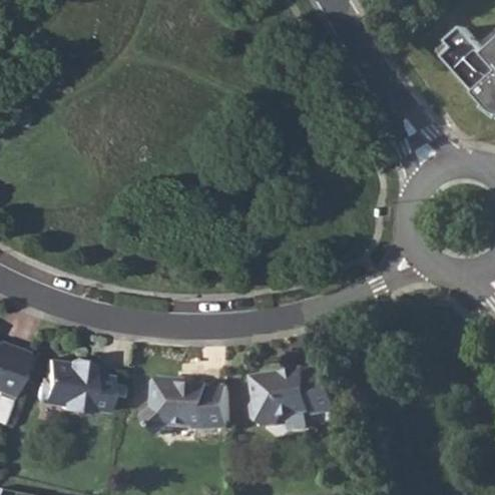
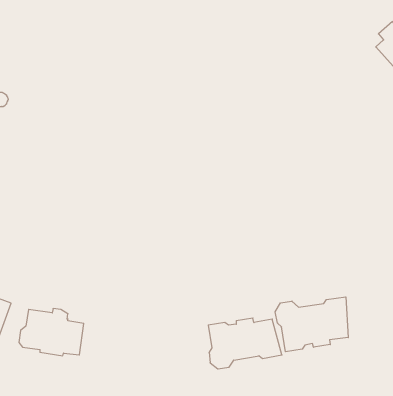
building: none -> [275,297,348,352]
building: [142,377,229,434] -> none

